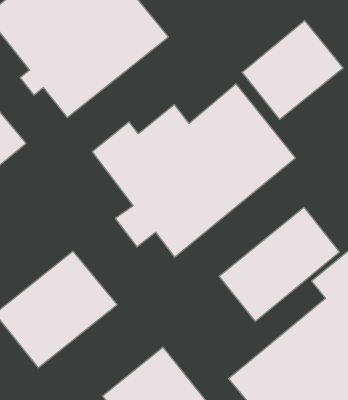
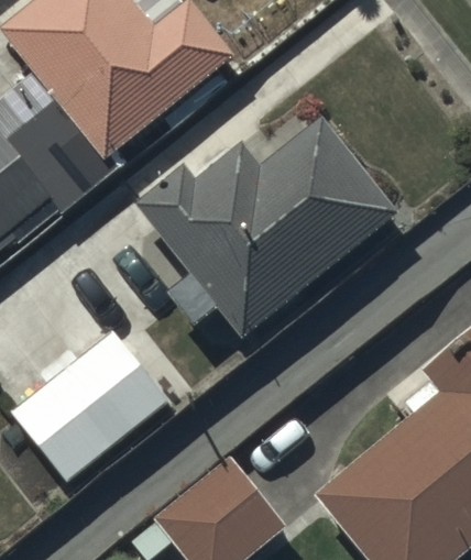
building: [242,20,343,119] -> none
building: [219,207,340,321] -> none

